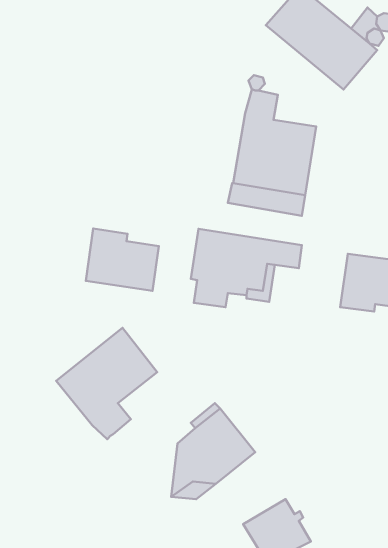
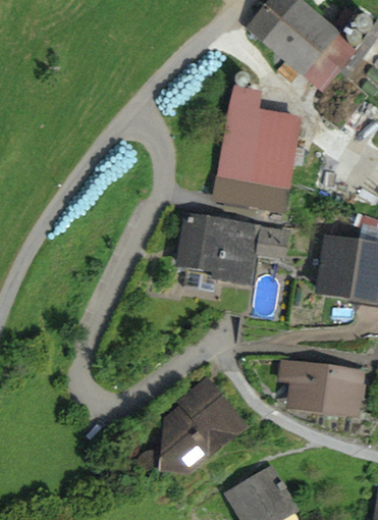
building: [86,228,159,291] -> none
building: [56,328,157,439] -> none
building: none -> [291,364,357,408]

